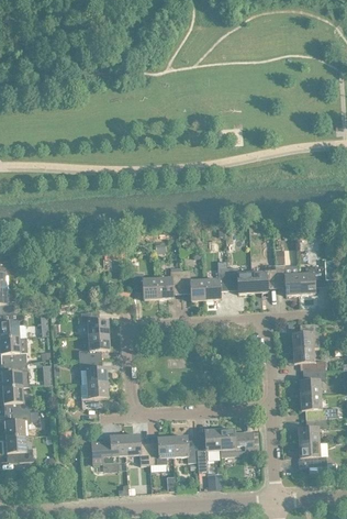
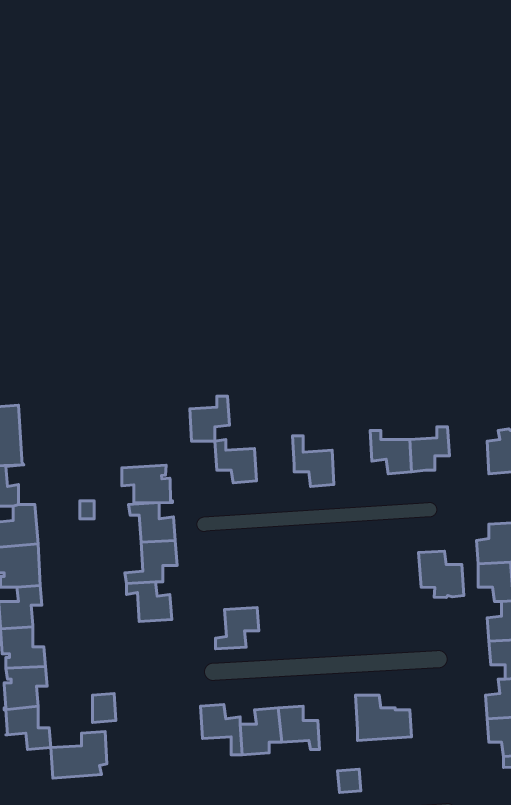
building: [275,263,300,294] -> none
building: [204,266,228,299] -> none
building: [157,269,181,297] -> [190,396,229,441]
building: none -> [122,465,173,503]
building: none -> [419,551,464,598]
building: [81,382,108,407] -> [216,608,259,649]
building: [195,428,220,461] -> none
building: [91,434,125,463] -> [51,731,107,778]

